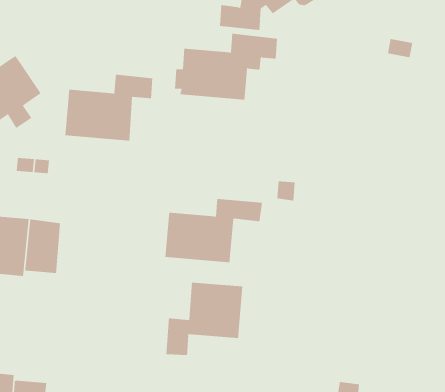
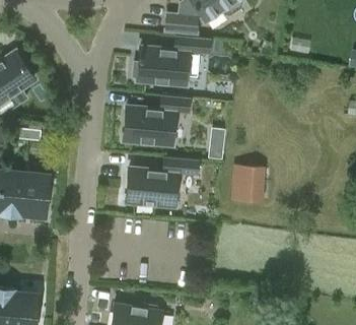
building: [65,74,153,141] -> [124,95,190,145]
building: none -> [231,166,266,203]
building: [166,282,243,356] -> none

